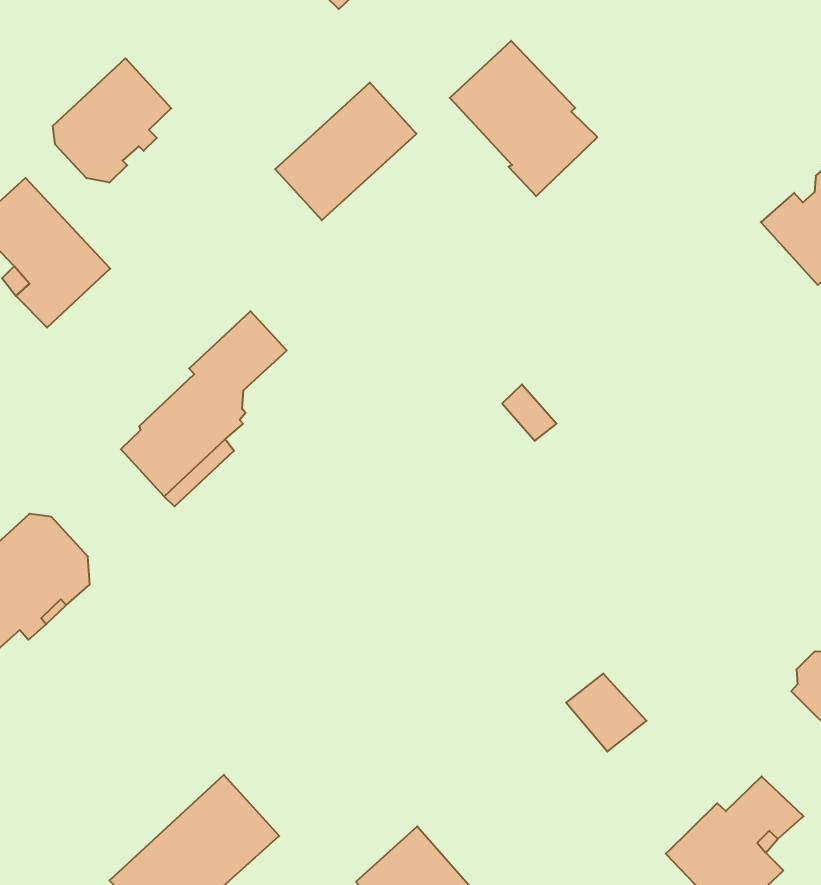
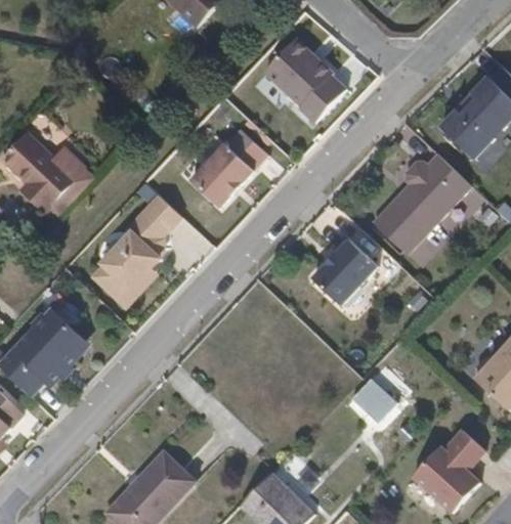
building: [53,58,171,183] -> none
building: [275,82,417,220] -> [191,129,268,207]
building: none -> [372,155,469,253]
building: none -> [314,233,380,303]

